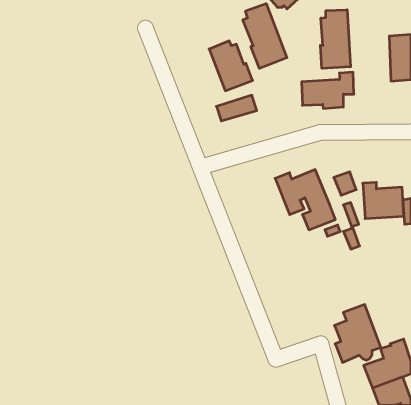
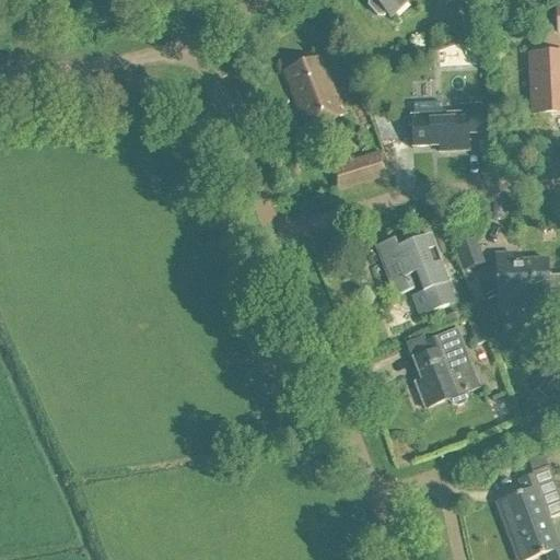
building: [243,4,287,68] -> none
building: [320,10,351,68] -> none
building: [216,95,257,121] -> [331,149,386,184]
building: [334,305,381,362] -> [413,326,477,405]

